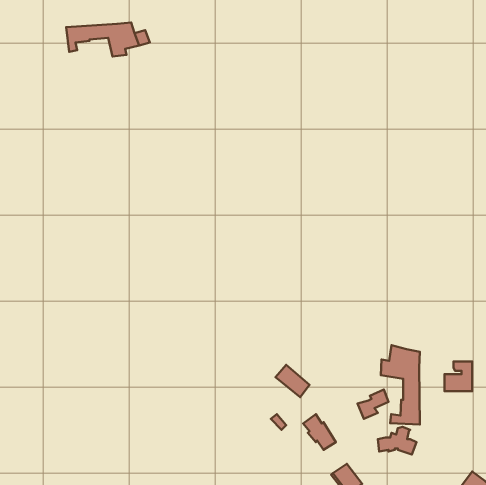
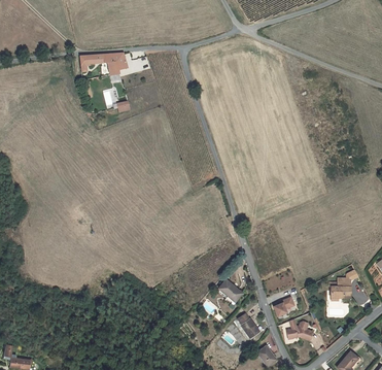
building: [381,345,420,425] -> none

